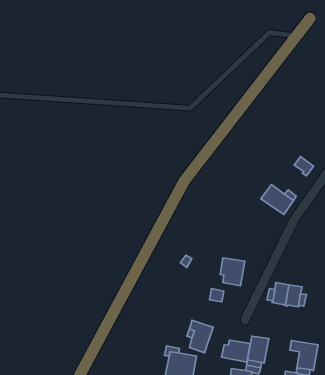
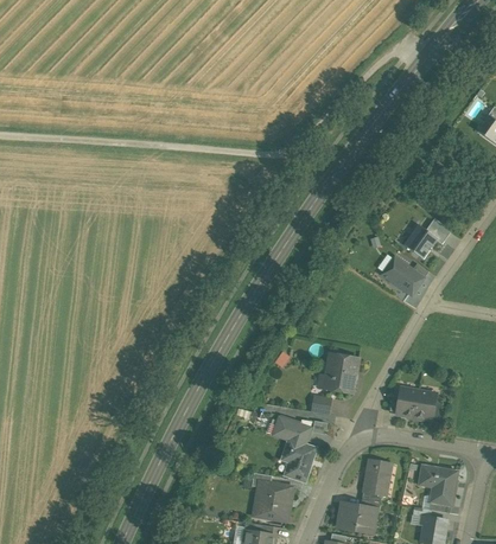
building: none -> [403,224,439,260]
building: none -> [274,418,311,444]
building: [221,340,250,362] -> none

